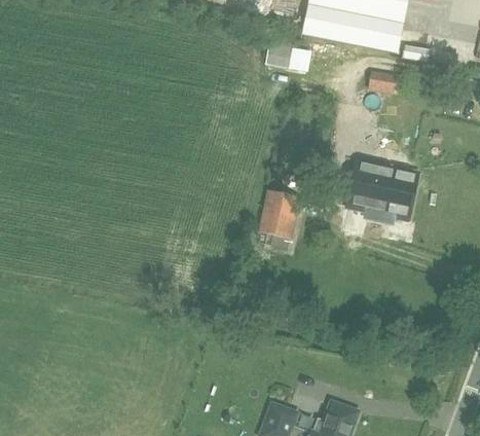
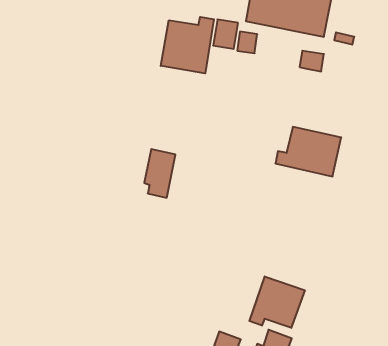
building: none -> [161,17,214,73]
building: [260,191,297,249] -> [144,149,175,198]
building: none -> [249,276,305,328]

